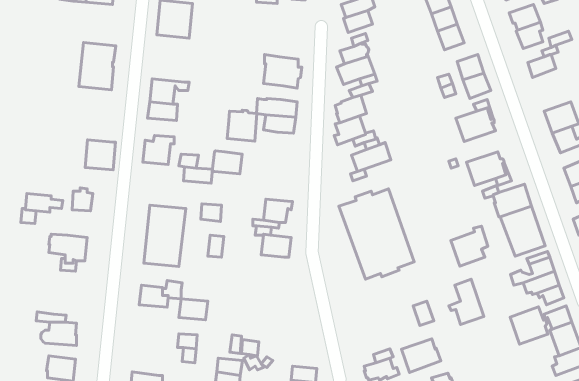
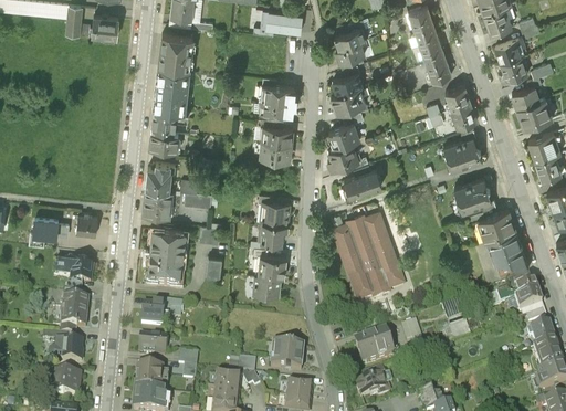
building: [79,42,116,90] -> [154,65,189,110]
building: none -> [516,96,552,126]
building: [227,110,257,141] -> none
building: [85,140,115,170] -> [143,187,171,215]
building: [212,151,242,174] -> [260,202,289,224]
building: [451,226,488,266] -> none
building: none -> [253,274,280,296]
building: none -> [61,296,88,327]
building: [179,299,208,320] -> [138,335,166,355]
building: [510,307,548,344] -> none
building: none -> [270,342,303,369]
building: [402,339,441,372] -> [356,330,394,362]
building: none -> [135,366,163,390]

